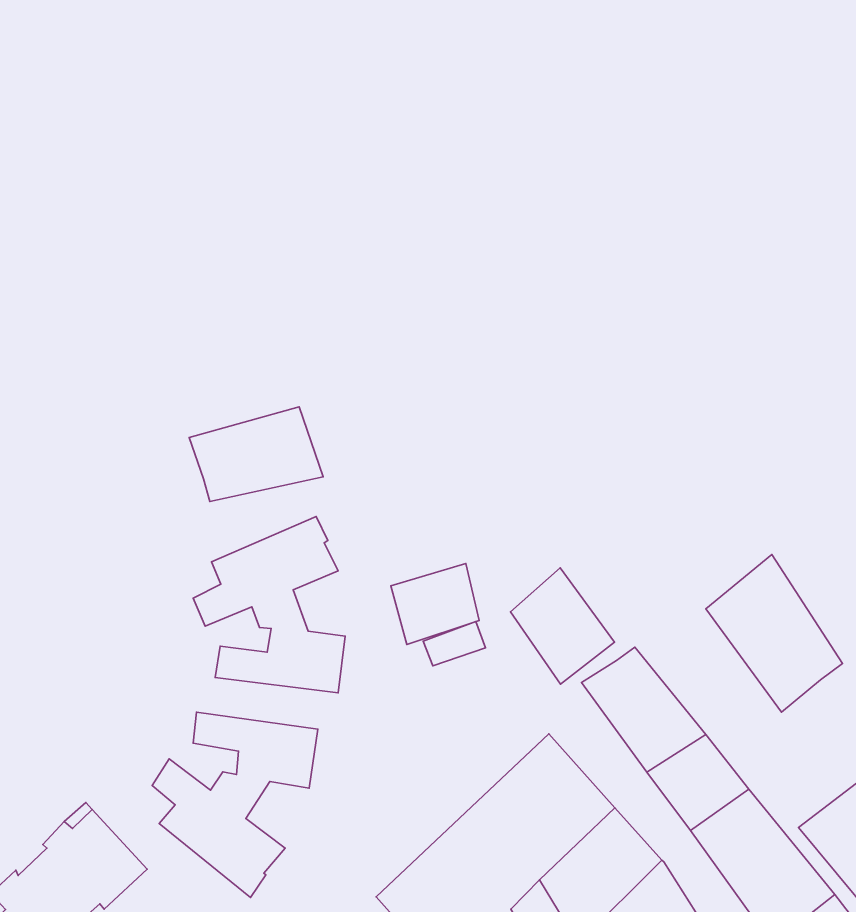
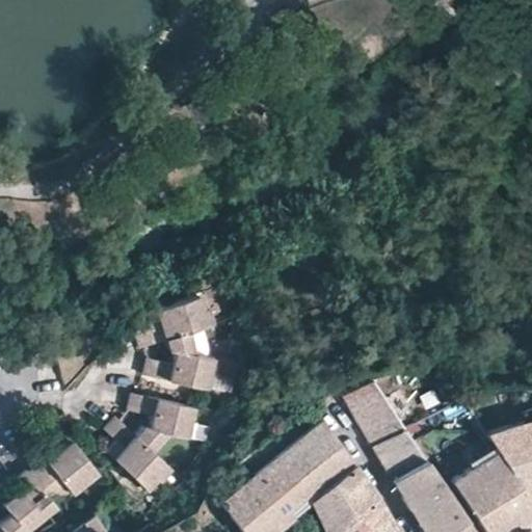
building: [189,407,323,502] -> none
building: [706,554,842,712] -> none
building: [391,564,479,645] -> none
building: [510,568,614,684] -> none

